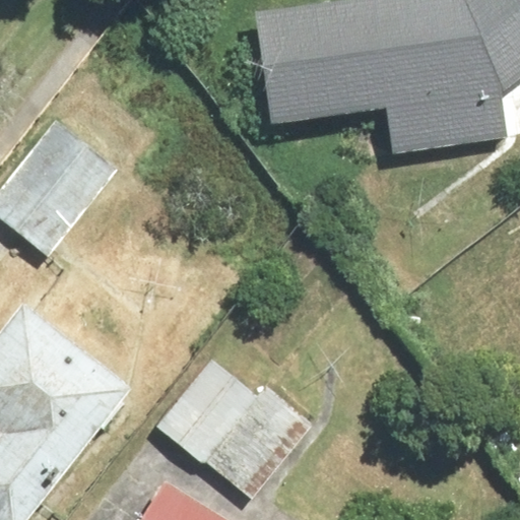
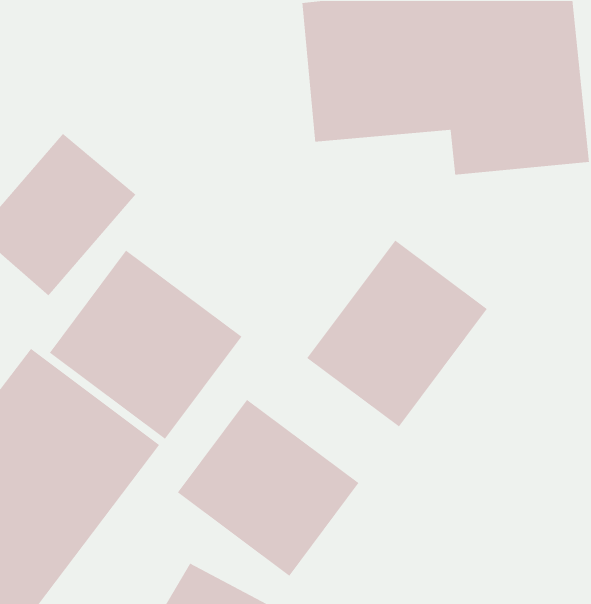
building: none -> [306,239,488,427]
building: none -> [49,249,242,440]

